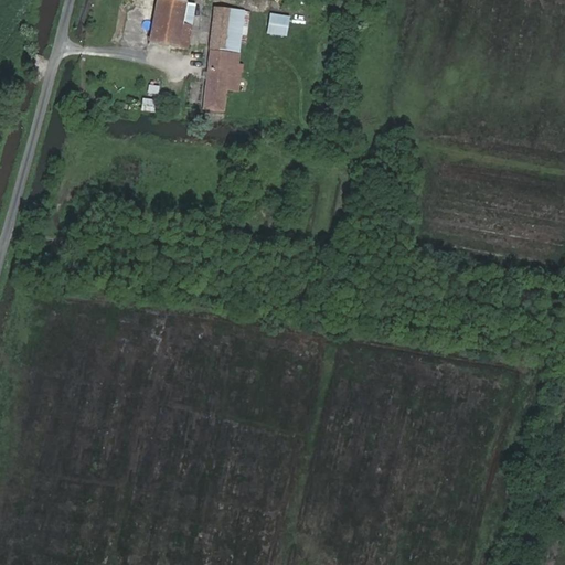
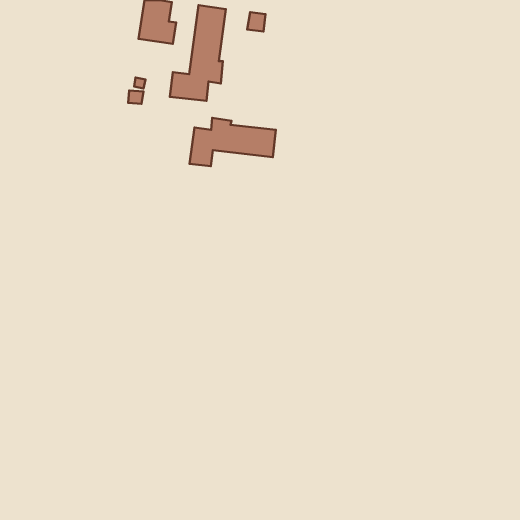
building: none -> [190,118,276,166]

